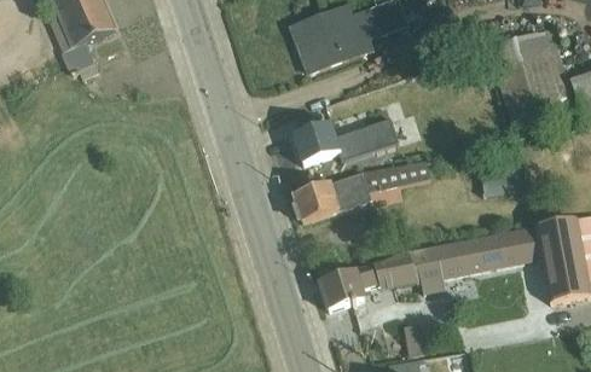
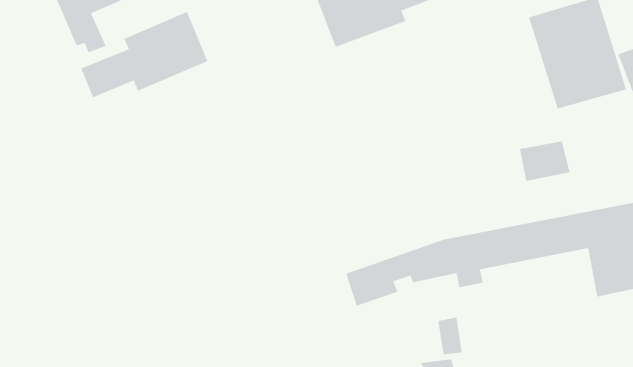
building: none -> [81,11,208,98]
building: [294,117,400,163] -> none
building: [294,157,430,221] -> none

